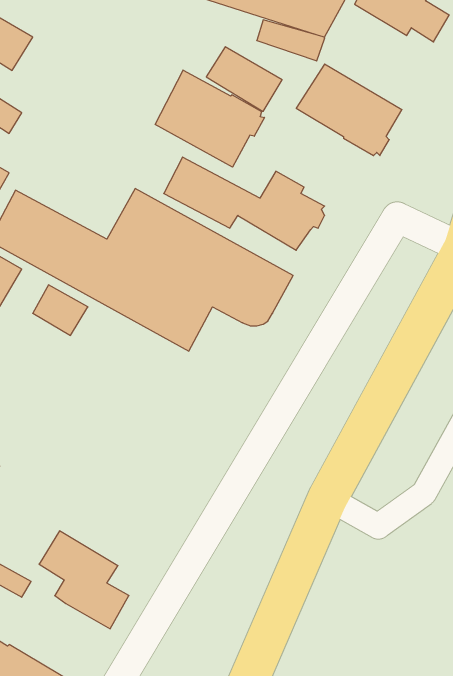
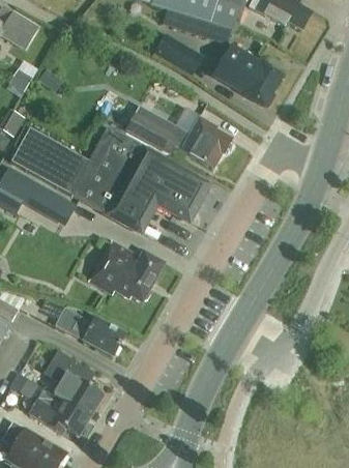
building: [155,70,264,167] -> none
building: none -> [89,240,164,302]
building: none -> [55,309,124,355]
building: none -> [30,391,90,437]

